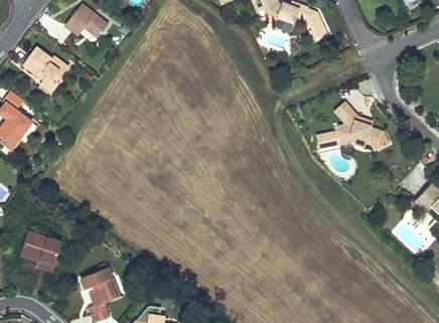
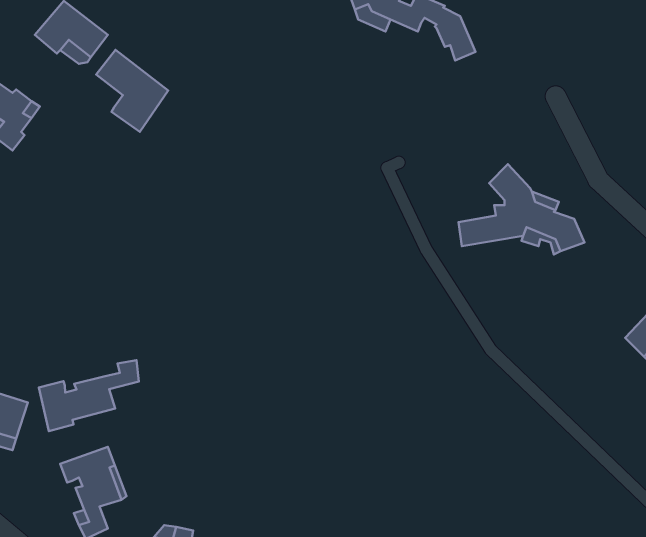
building: none -> [96,50,168,132]
building: none -> [39,360,139,431]

